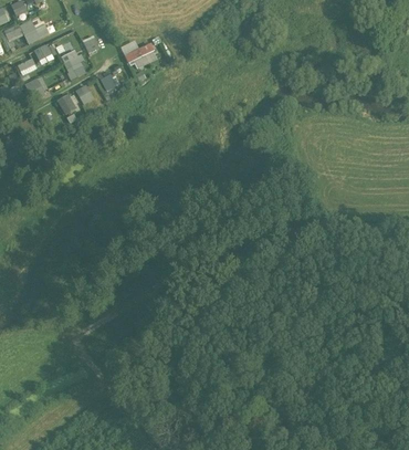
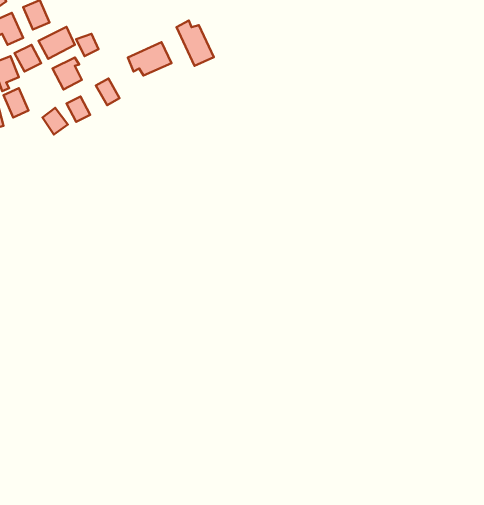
building: none -> [177,21,214,66]

